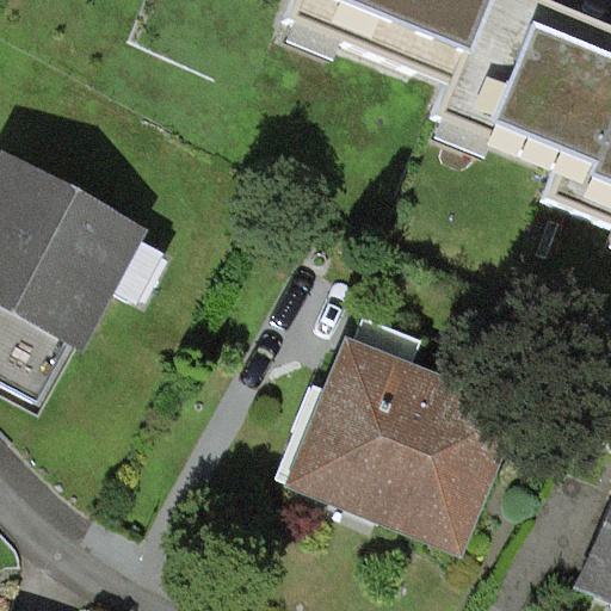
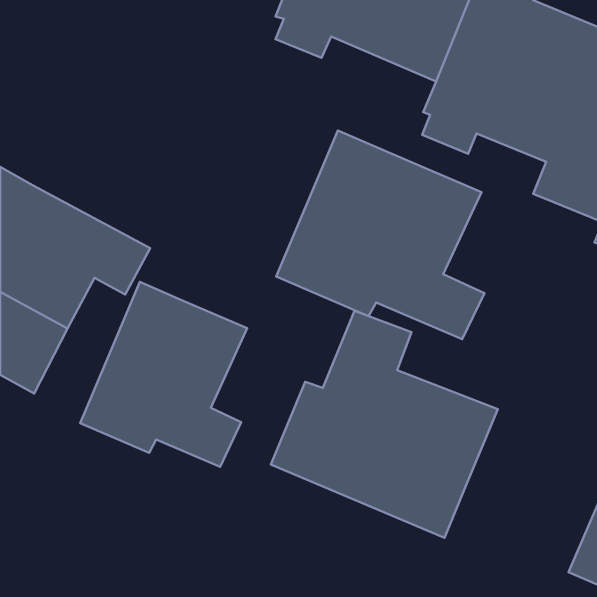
building: none -> [276,130,484,339]
building: none -> [80,282,247,467]

